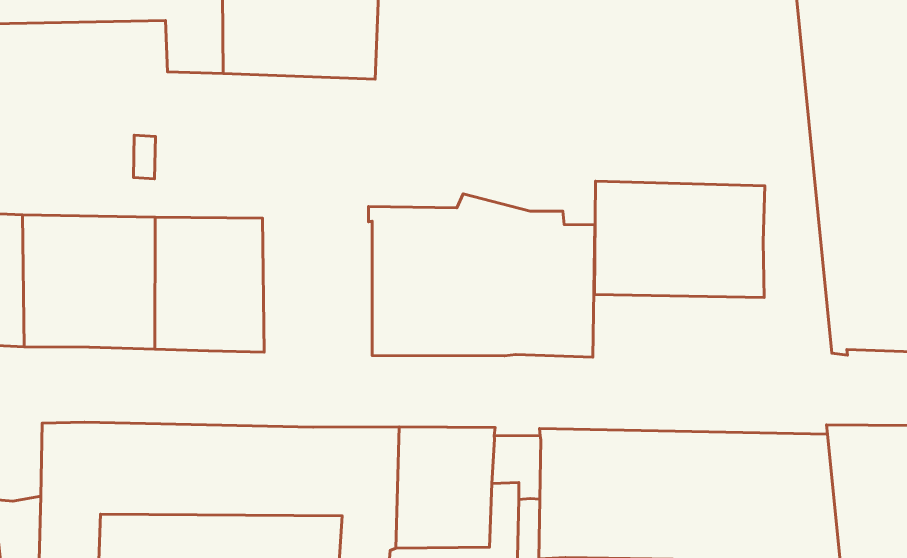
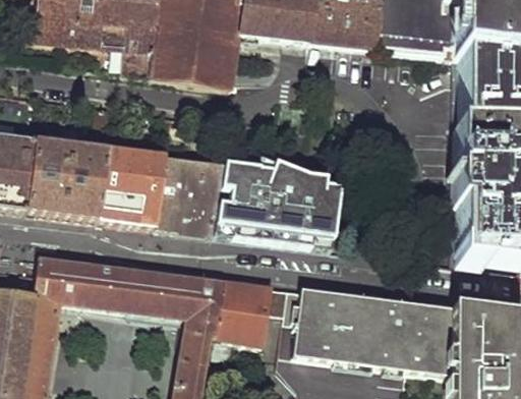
building: [594,181,765,298] -> none
building: none -> [158,158,223,237]

